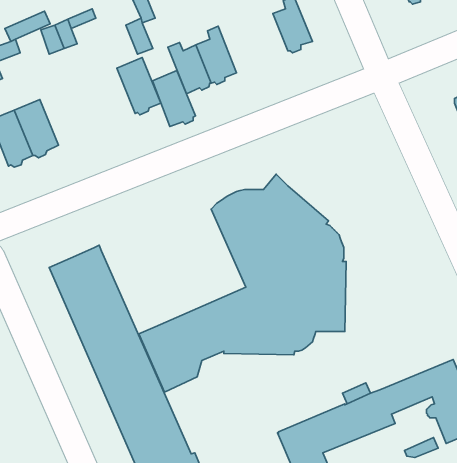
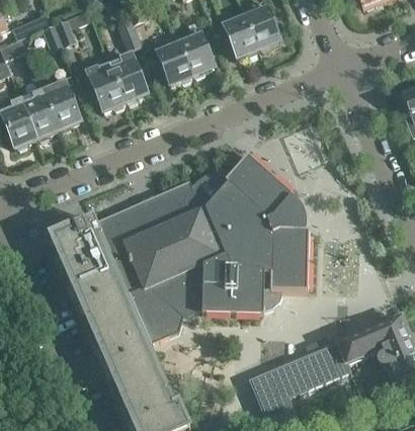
building: none -> [221,13,258,57]
building: [152,70,196,126] -> [88,63,126,111]
building: none -> [43,82,81,132]
building: none -> [96,180,222,293]

